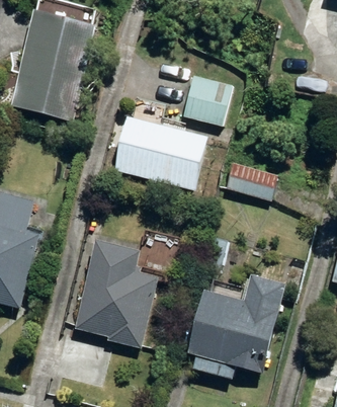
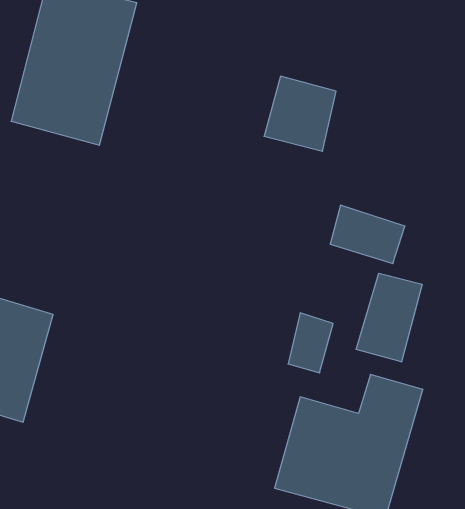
building: [113,115,207,189] -> none
building: none -> [356,273,422,362]
building: [73,238,158,347] -> none

